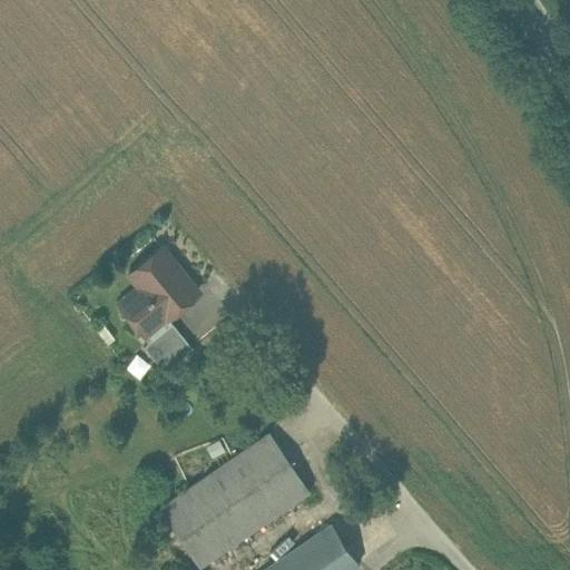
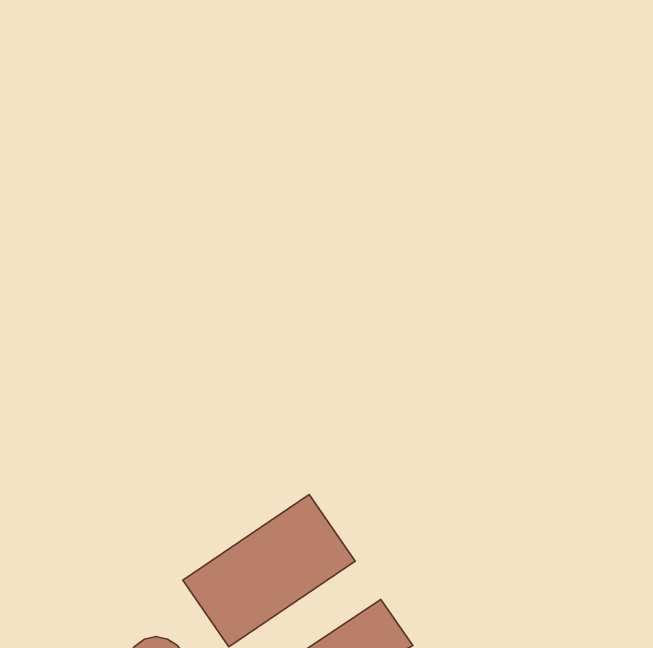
building: [120,250,197,336] -> none
building: [144,325,193,373] -> none

